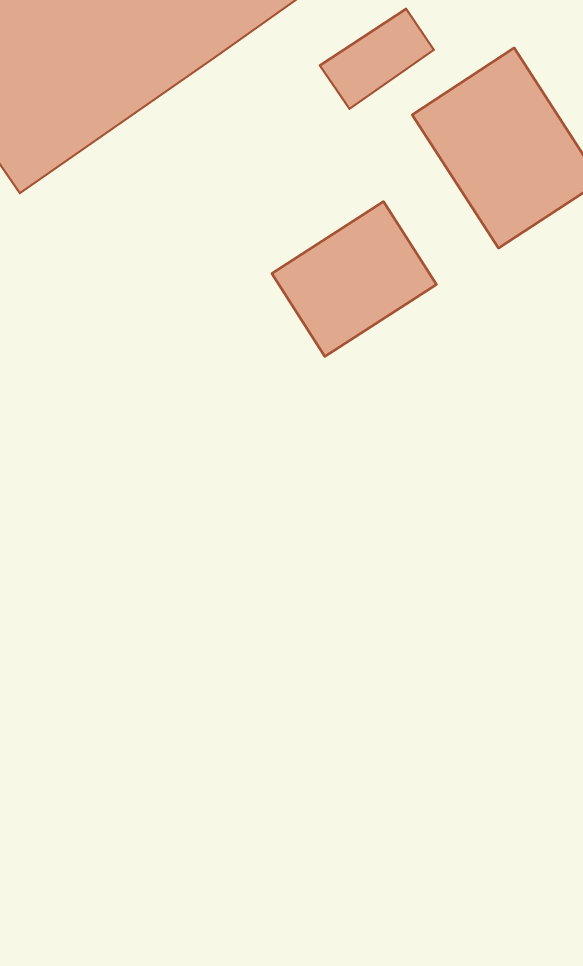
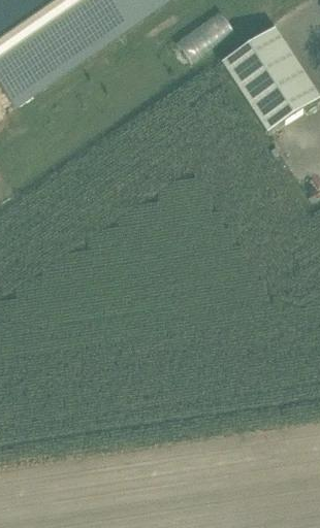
building: [272,201,437,357] -> none

